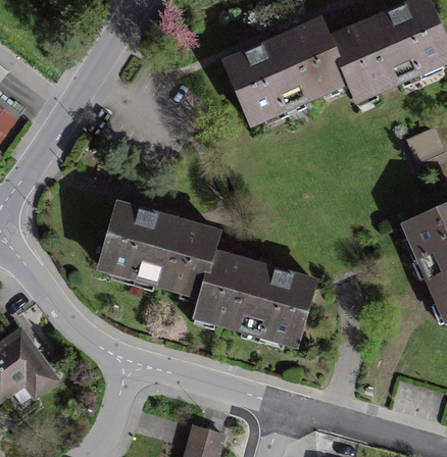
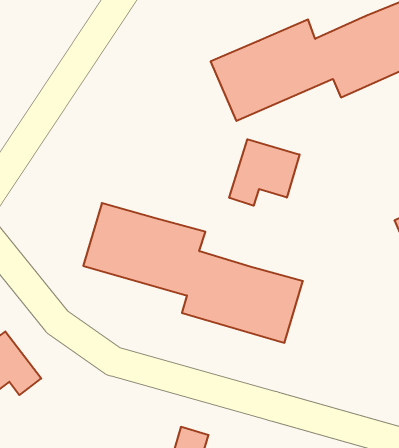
building: none -> [229,139,300,206]

